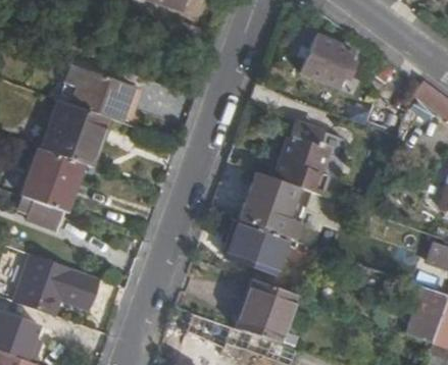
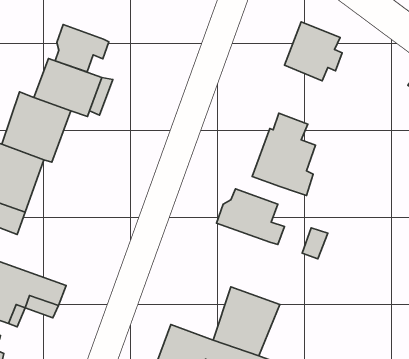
building: none -> [55,25,109,72]
building: [245,172,312,224] -> none
building: [227,221,288,275] -> none

